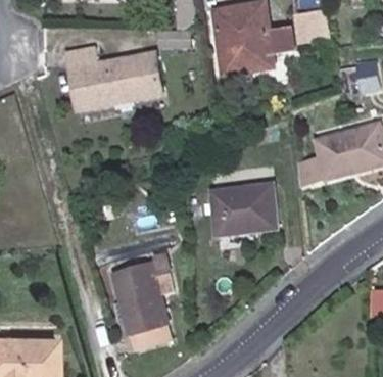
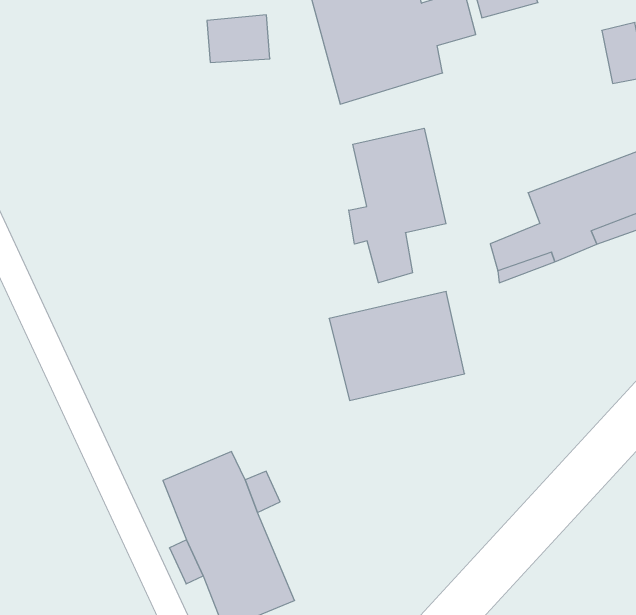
building: [65,51,151,110] -> none
building: none -> [349,128,446,283]

